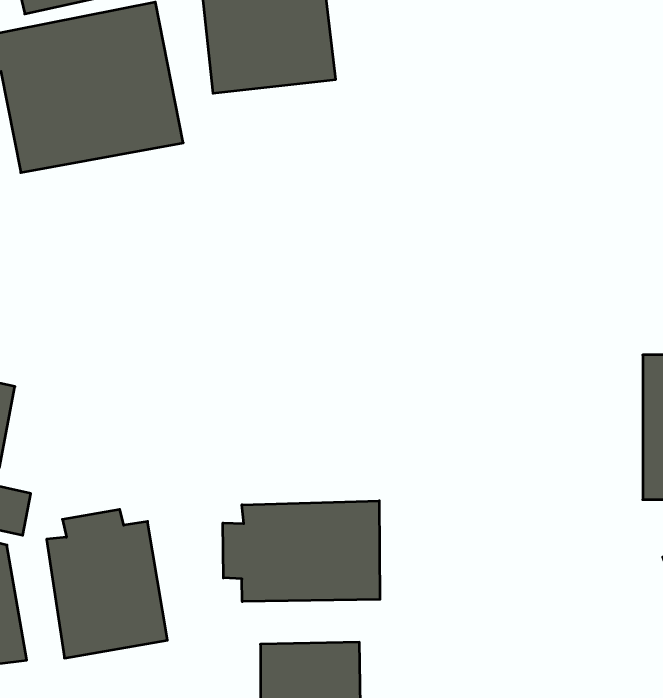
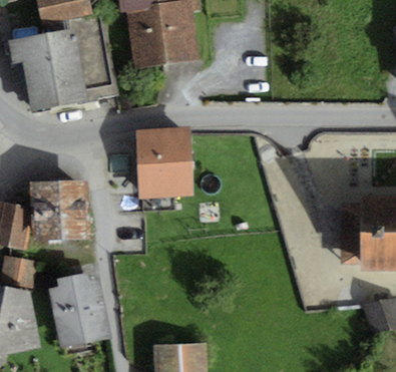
building: none -> [132,138,187,193]
building: none -> [35,191,93,253]
building: [223,501,380,602] -> none

